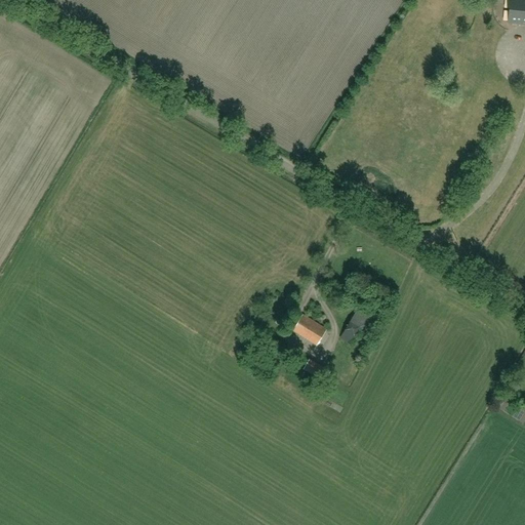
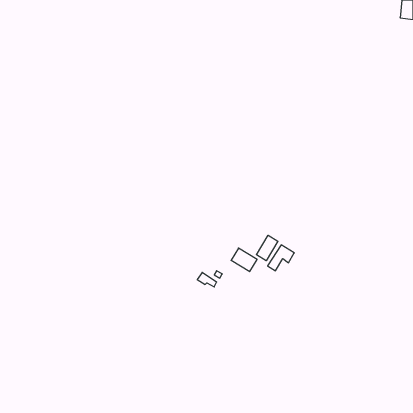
building: none -> [256,235,278,261]

